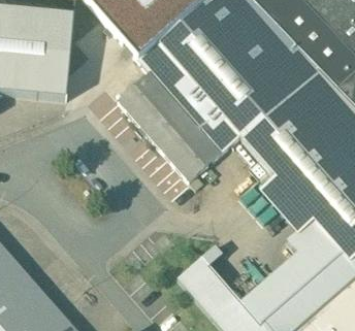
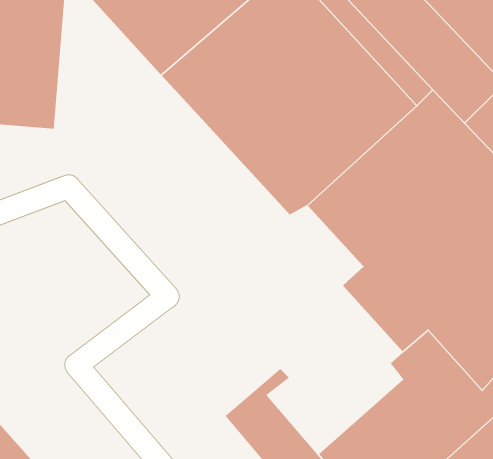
building: [115,70,222,178] -> none

